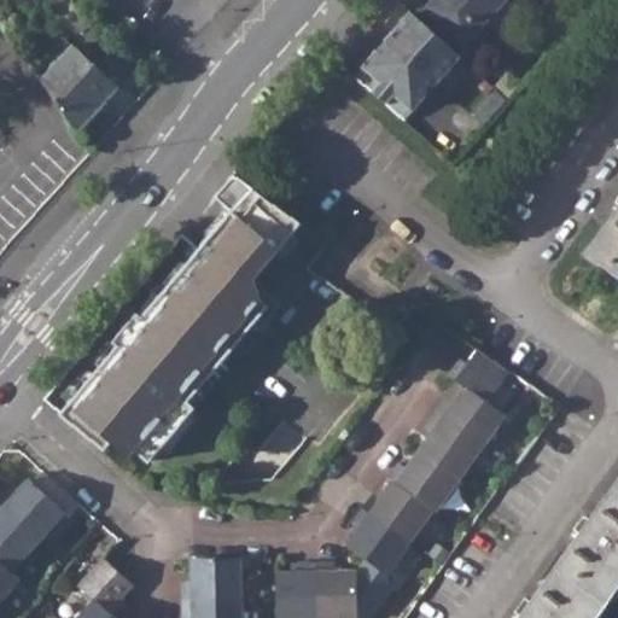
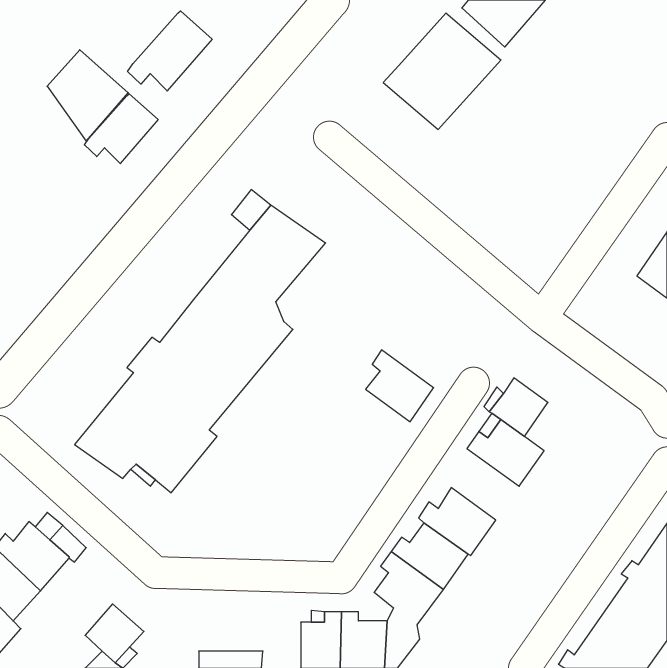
building: none -> [128,11,212,91]
building: none -> [84,94,158,164]
building: [416,414,479,480] -> [366,350,434,422]
building: [183,561,243,601] -> none

